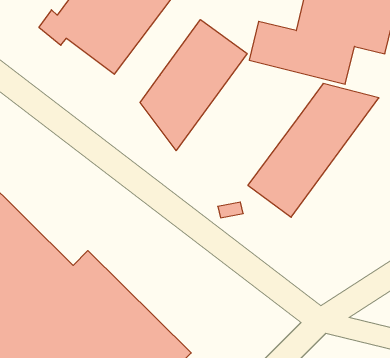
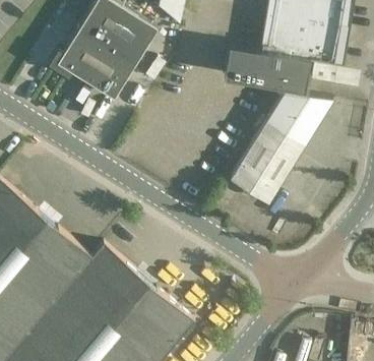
building: [140,20,247,151] -> none

